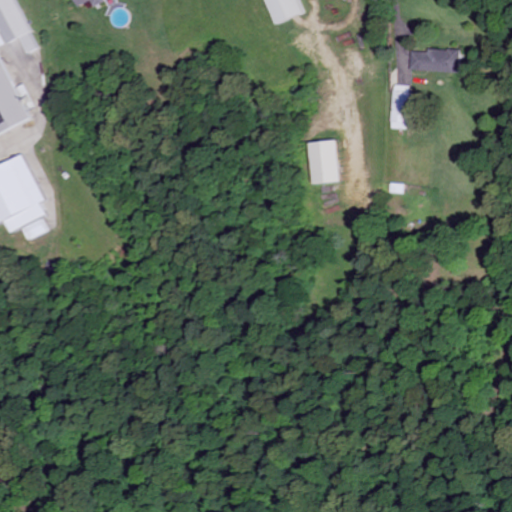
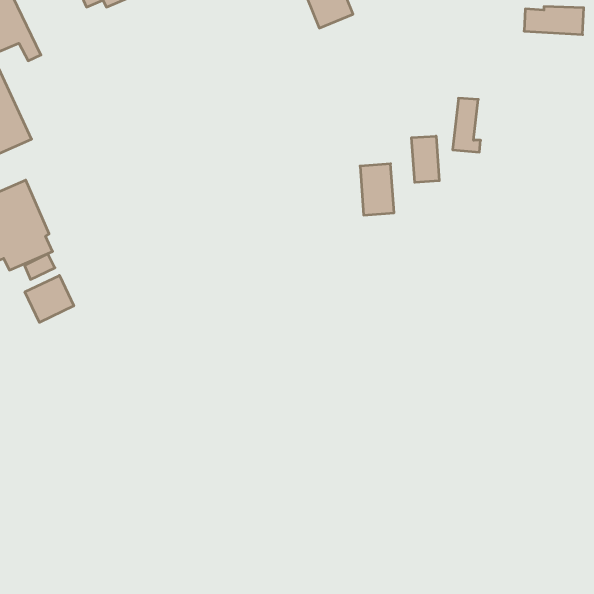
building: [408,48,459,72] -> [524,7,584,35]
building: none -> [412,136,439,182]
building: none -> [25,275,74,322]

